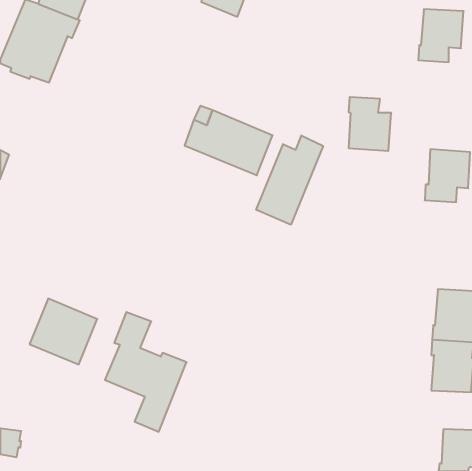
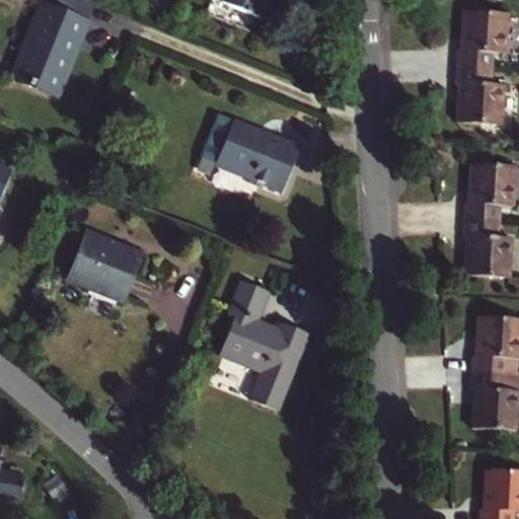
building: [349,97,391,151] -> [458,66,505,125]
building: [256,135,323,225] -> none
building: none -> [465,219,512,277]
building: [30,299,97,364] -> [69,230,143,302]
building: [105,312,187,432] -> [220,281,309,412]

